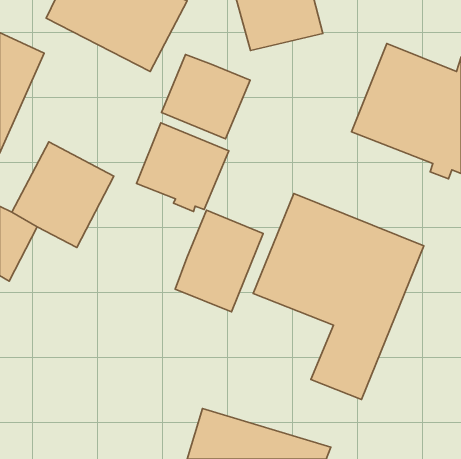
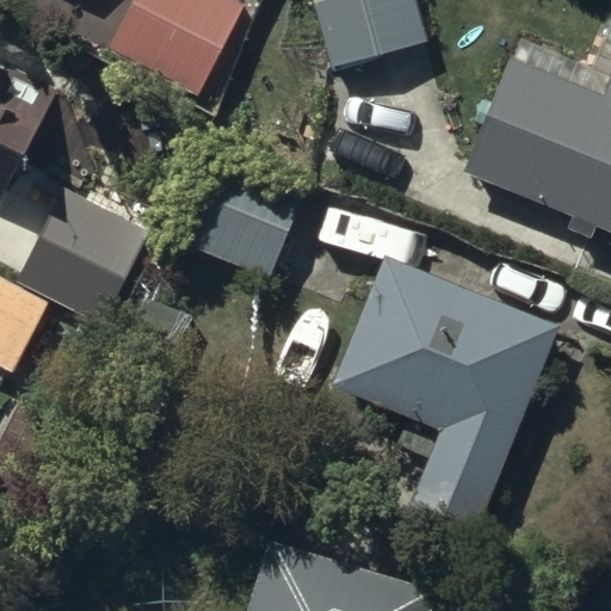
building: [162,54,250,139] -> none
building: [175,210,263,312] -> none

